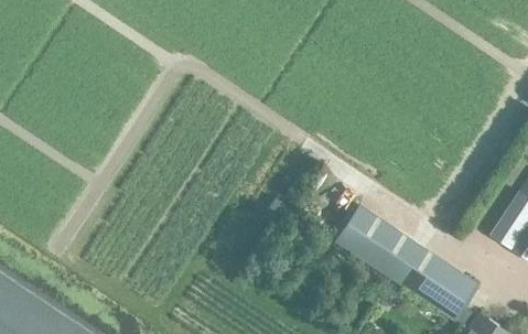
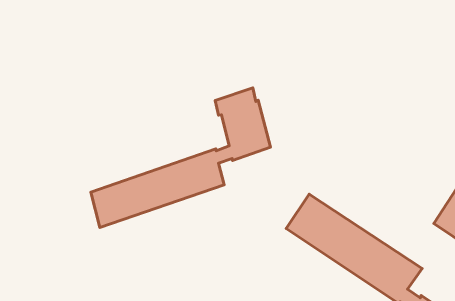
building: none -> [91,88,271,227]

